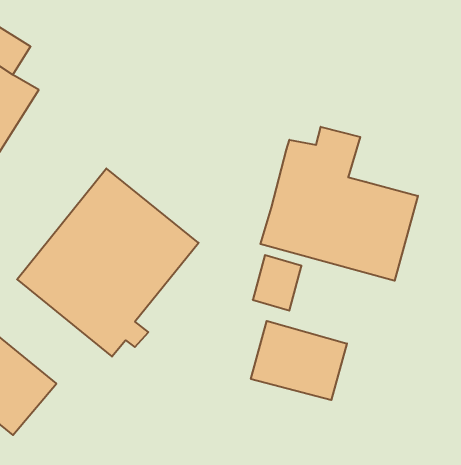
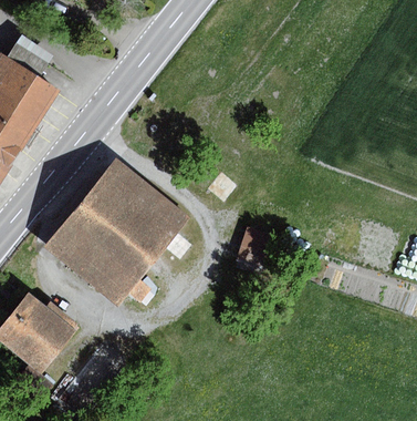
building: [260,127,418,281] -> none
building: [251,321,347,400] -> none

